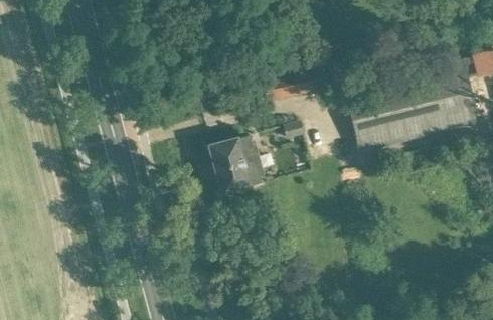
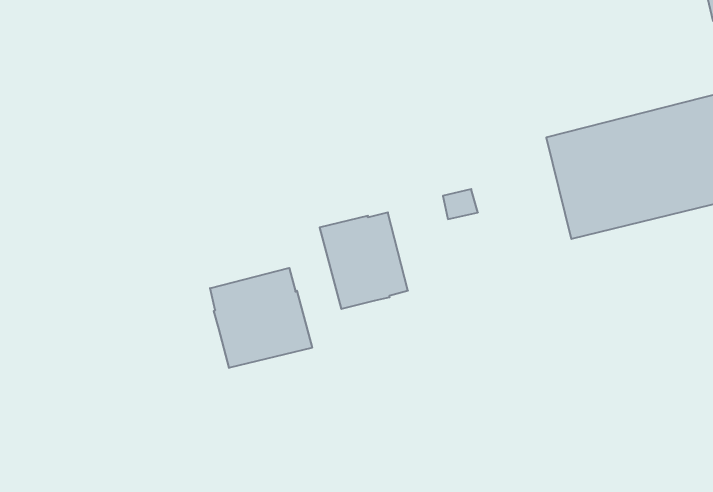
building: none -> [210,268,312,368]

